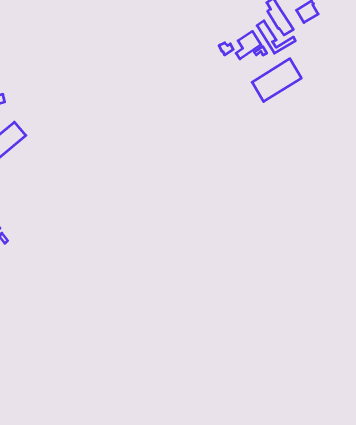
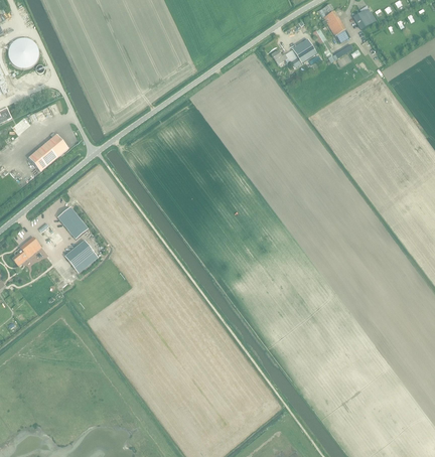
building: [252,59,301,102] -> none
building: none -> [57,206,89,239]
building: none -> [64,240,98,272]

